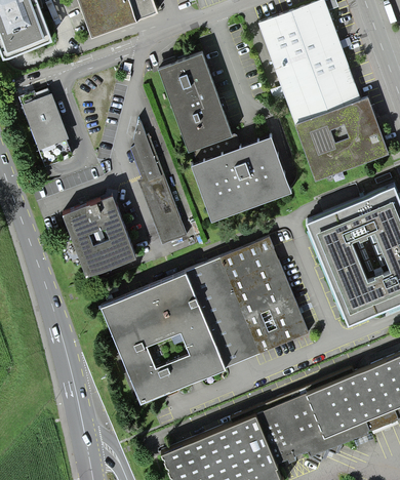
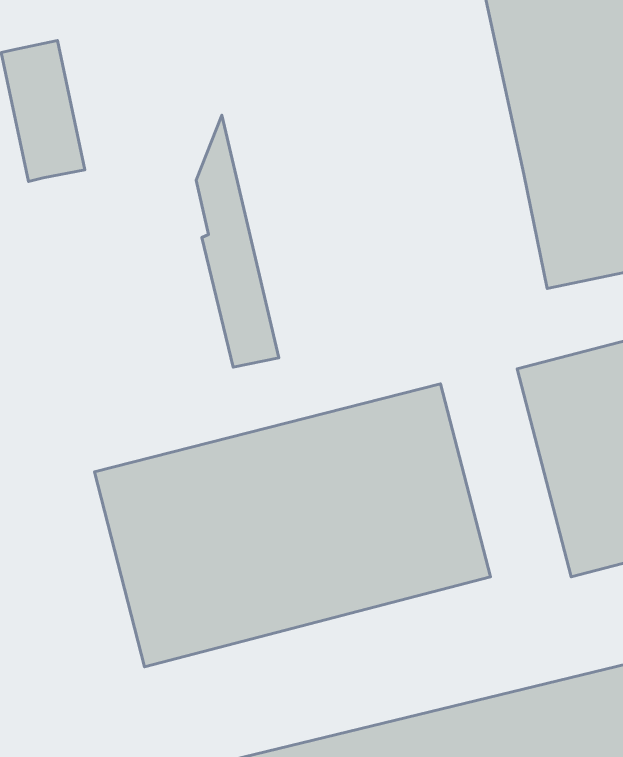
building: [157,51,290,216] -> none
building: [62,197,134,275] -> none

